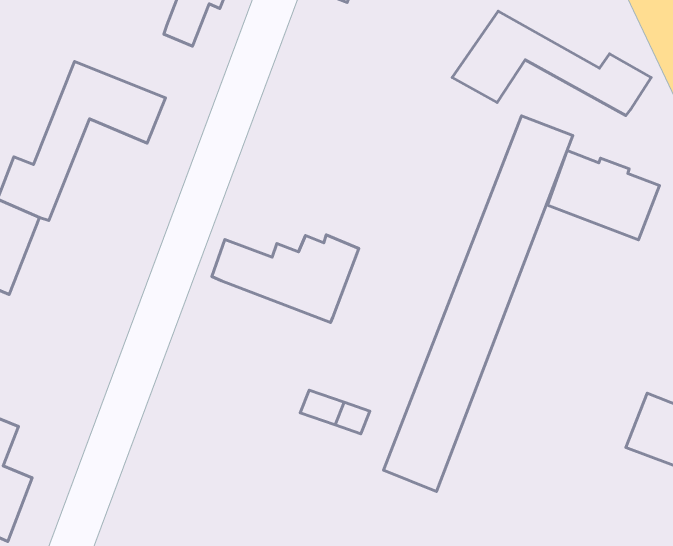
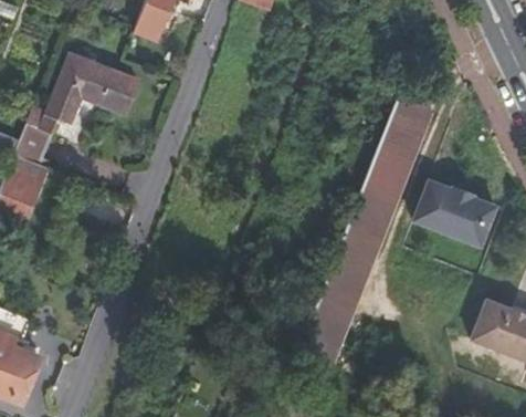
building: [452,11,651,115] -> none
building: [547,151,660,240] -> [414,178,496,243]
building: [212,235,359,323] -> none

